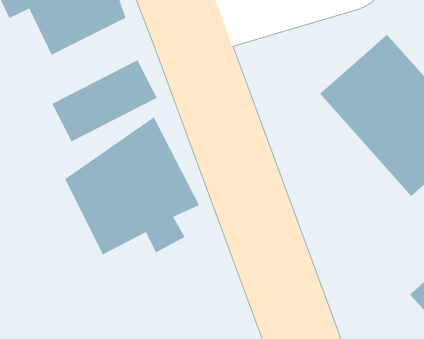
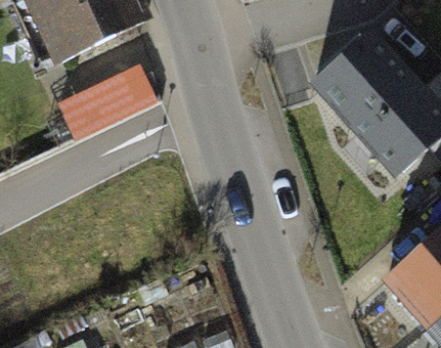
building: [64,116,200,256] -> none

